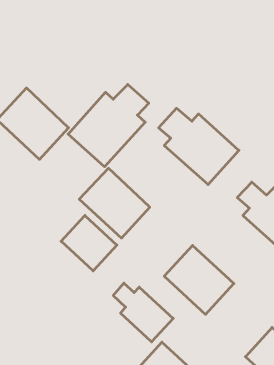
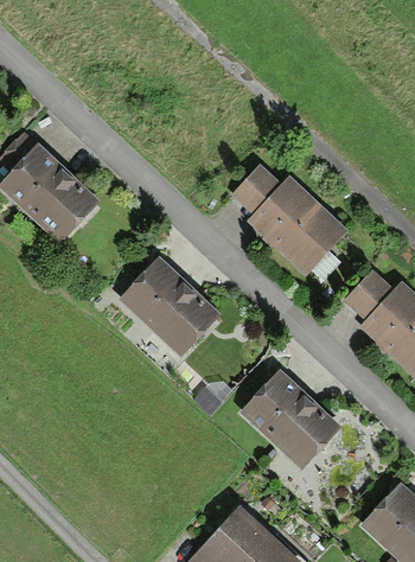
building: [68,84,149,167] -> none
building: [61,215,117,271] -> none
building: [113,283,173,342] -> none

